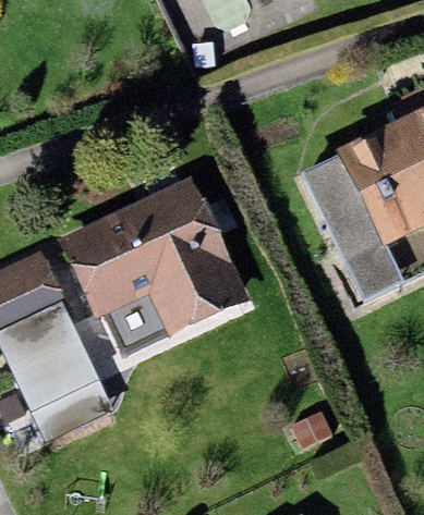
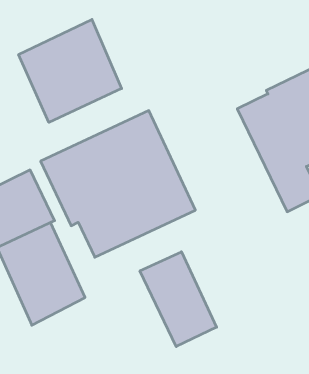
building: none -> [19,19,122,122]
building: none -> [140,252,217,347]

